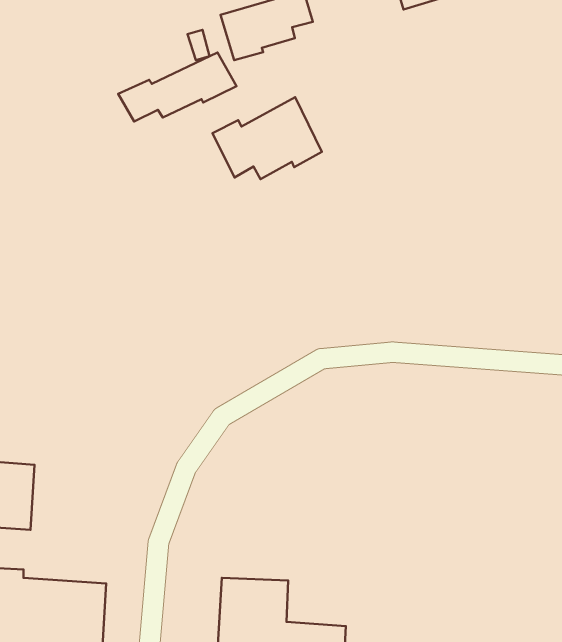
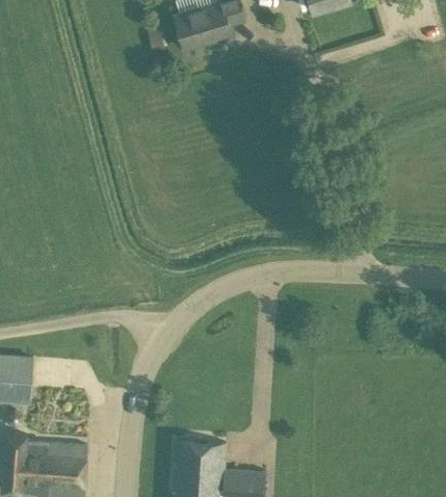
building: [118,52,237,121] -> none
building: [213,97,322,179] -> none

